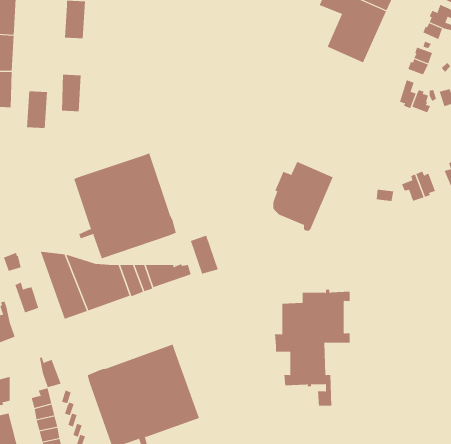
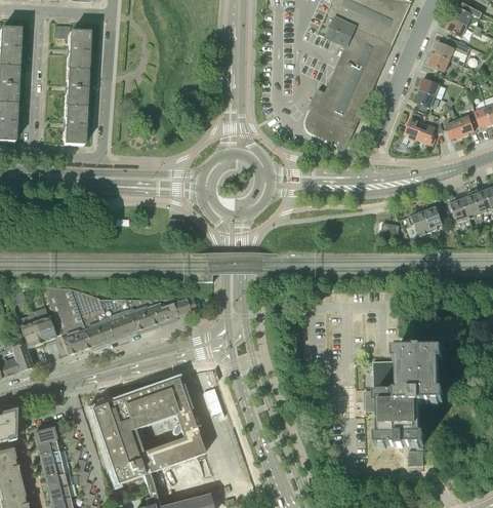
building: [26,91,48,128] -> [67,69,88,107]
building: [73,153,176,259] -> none
building: [273,161,334,231] -> [309,78,370,149]
building: [190,235,219,274] -> none
building: none -> [32,306,56,341]
building: [274,289,351,406] -> [366,347,443,465]
building: [39,356,61,388] -> [11,339,34,370]

